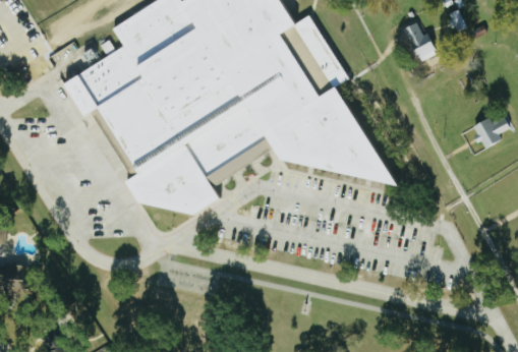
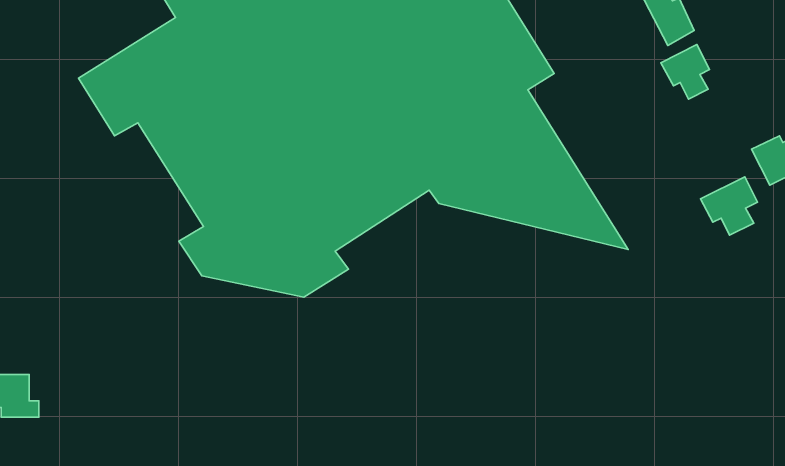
building: none -> [661,44,710,99]
building: none -> [700,177,757,235]

